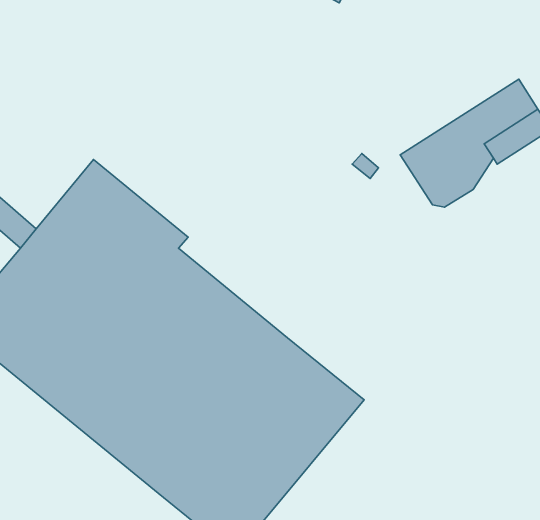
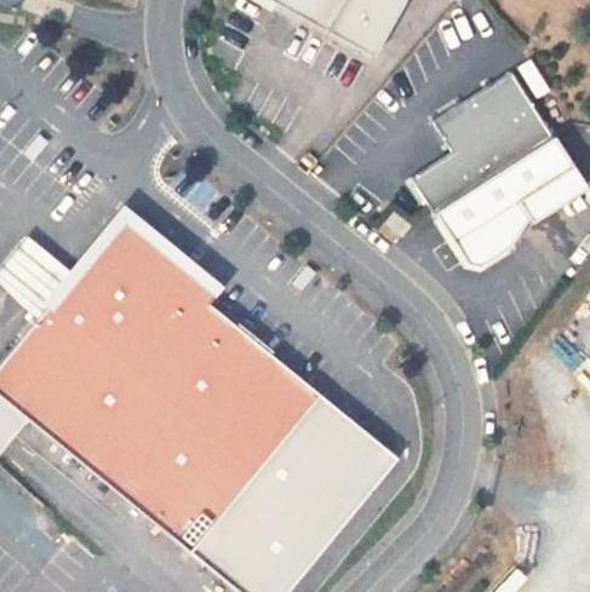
building: none -> [416,69,557,211]

